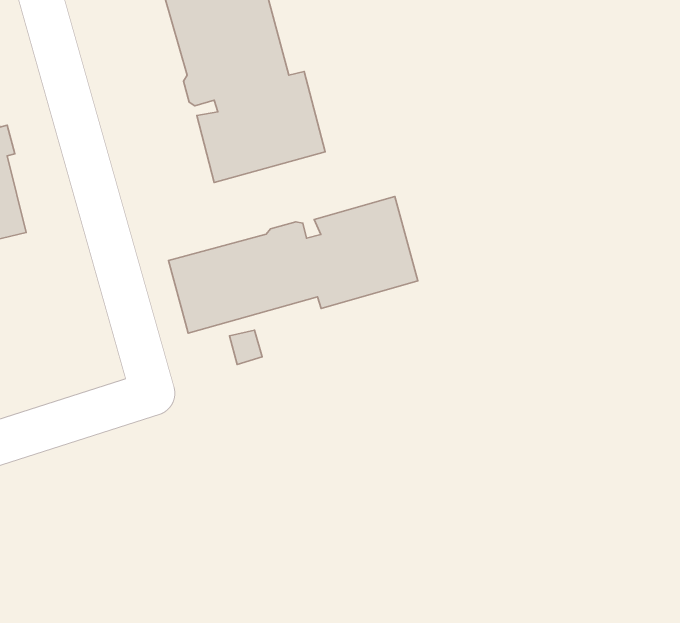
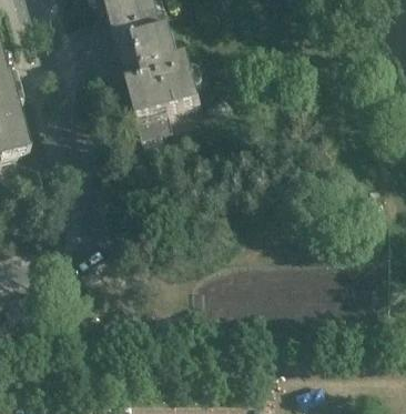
building: [169,197,418,333] -> none

